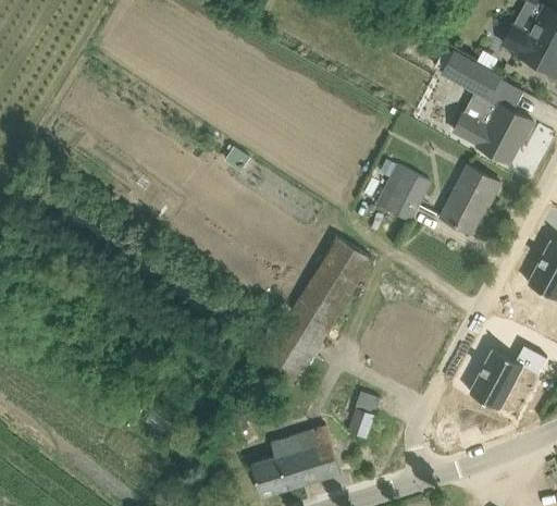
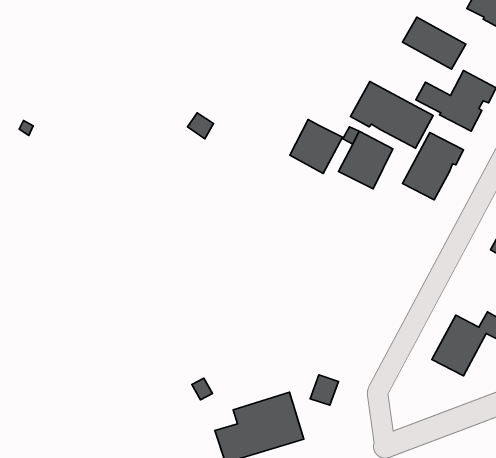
building: none -> [351,82,433,148]
building: none -> [290,120,342,174]
building: [261,237,371,383] -> none

